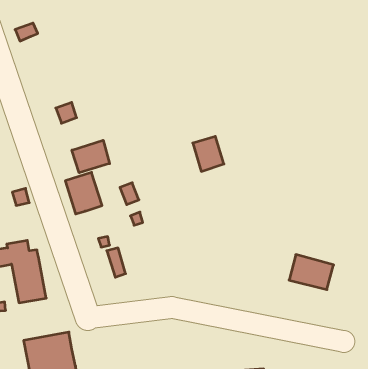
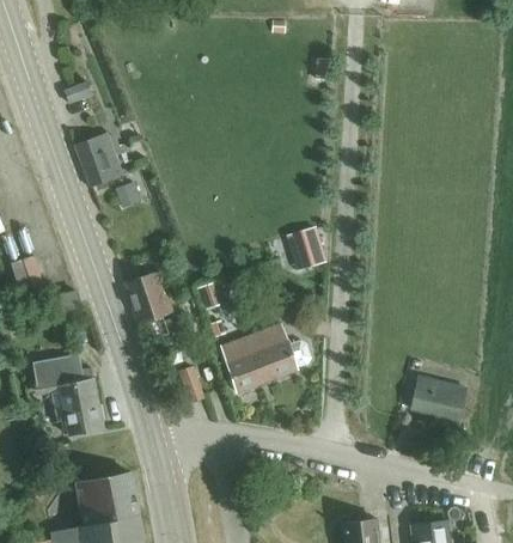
building: none -> [73,134,121,187]
building: [72,140,110,173] -> none
building: none -> [218,322,311,392]

